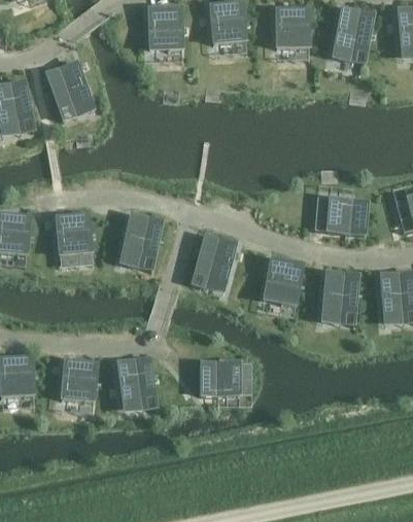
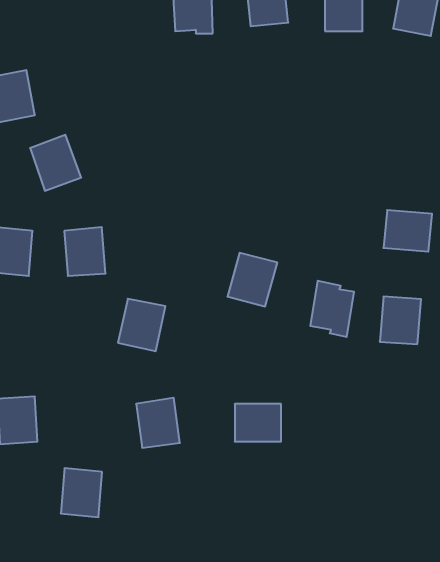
building: [46,62,90,109] -> [30,135,81,191]
building: [123,214,163,258] -> [118,299,165,351]
building: [62,360,97,402] -> [61,468,102,517]

